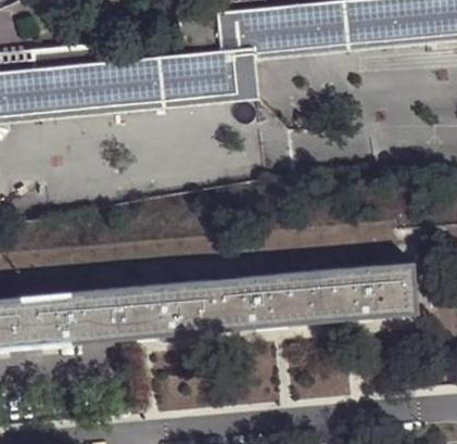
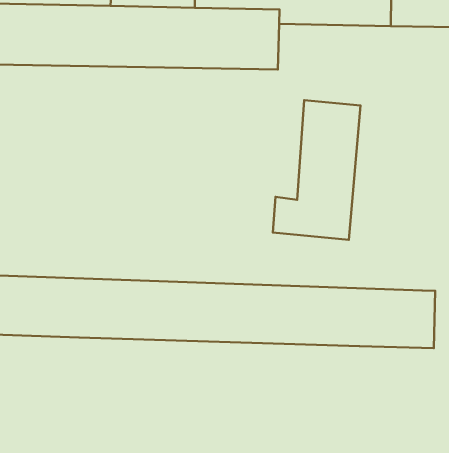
building: none -> [273,100,361,240]

